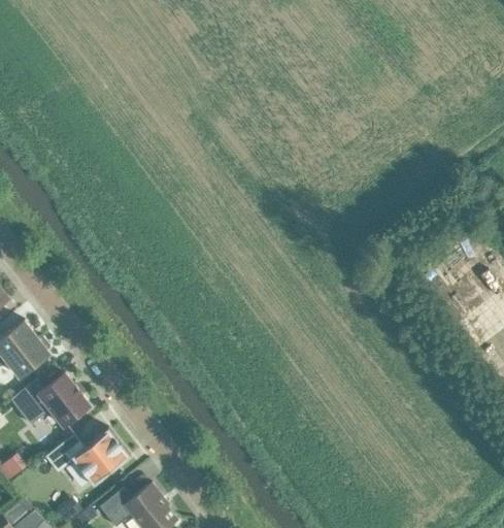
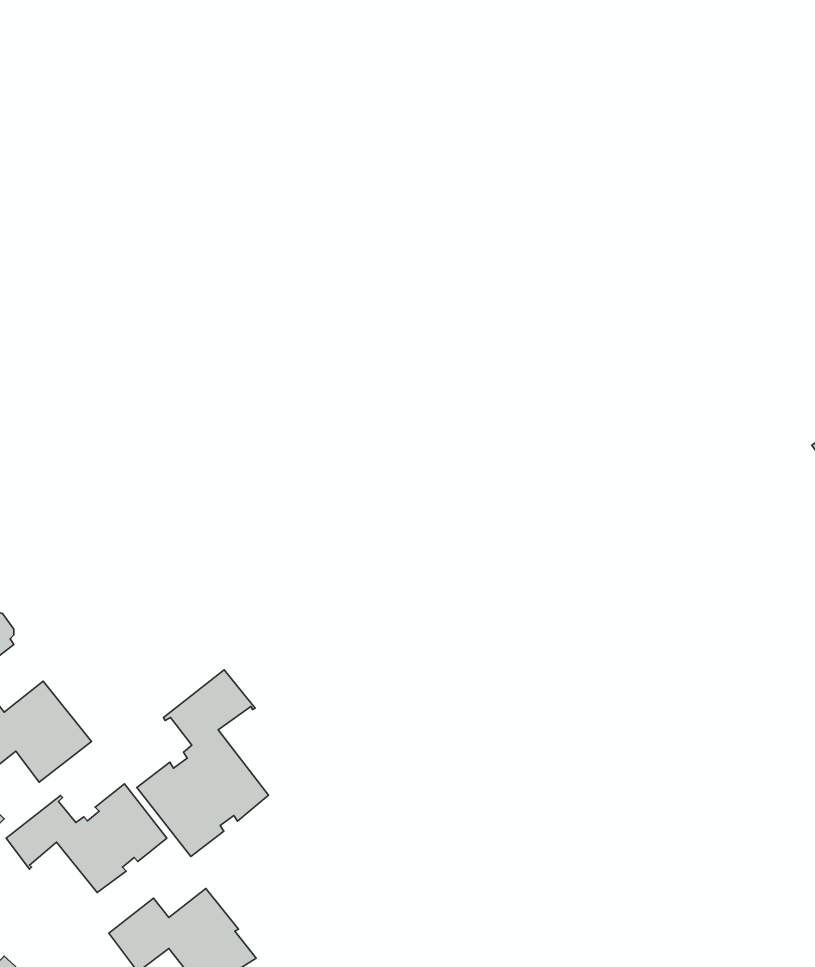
building: none -> [137,670,268,857]

